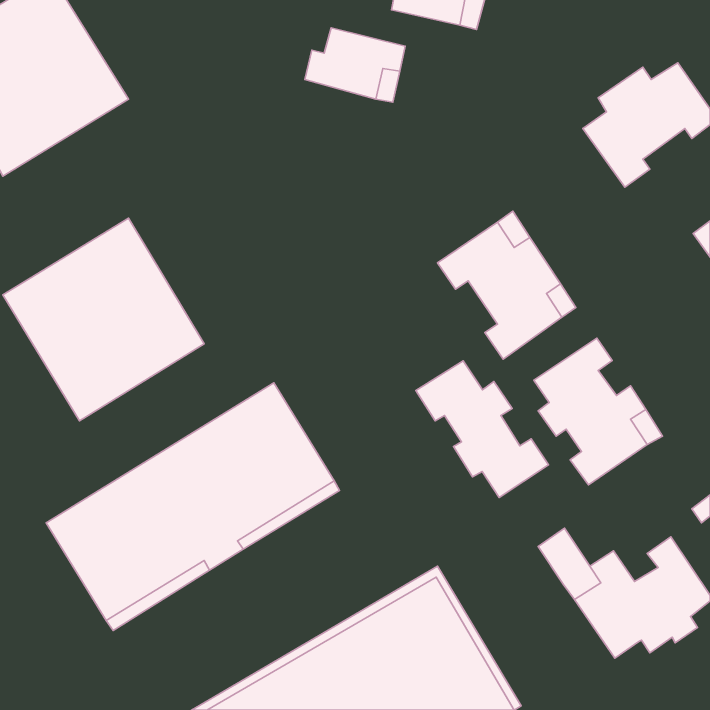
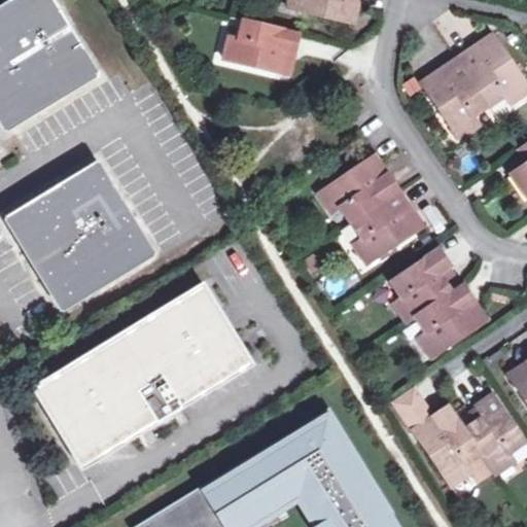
building: [416,361,548,498] -> none

